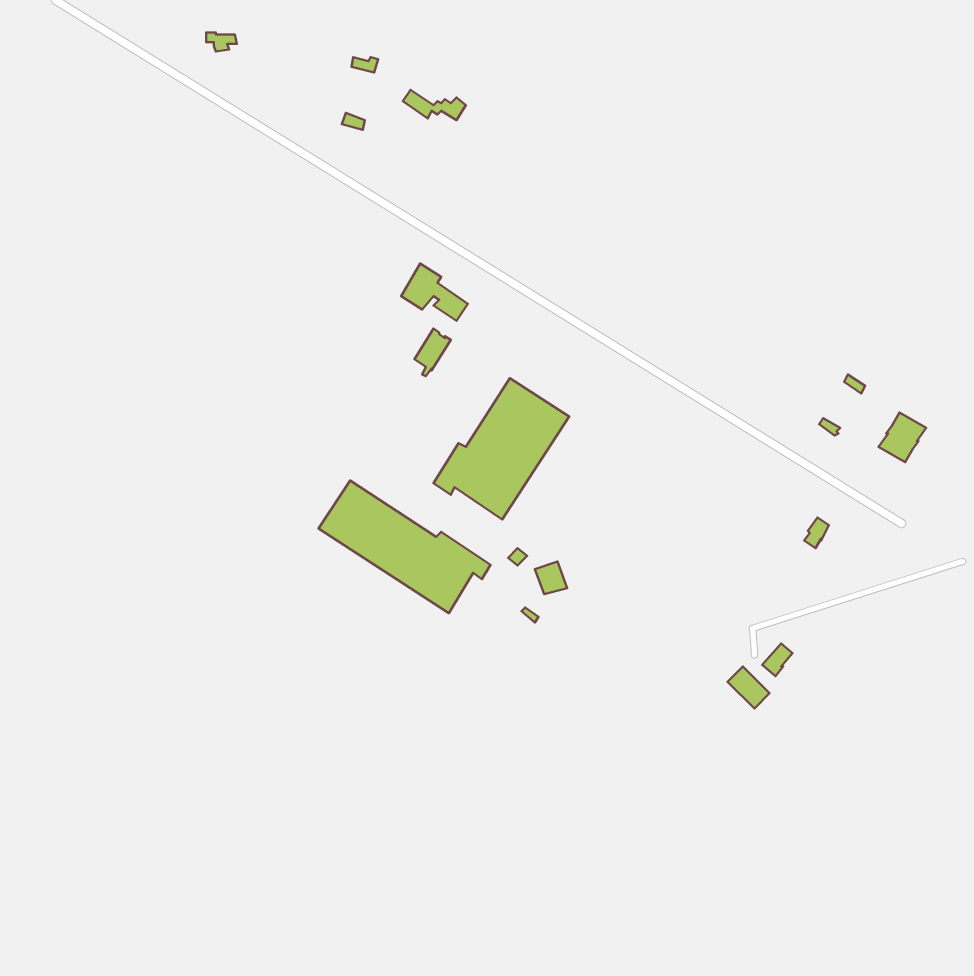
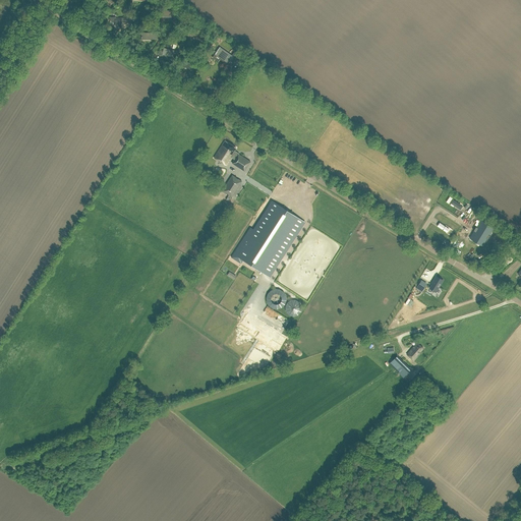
building: [319,481,491,613] -> none

